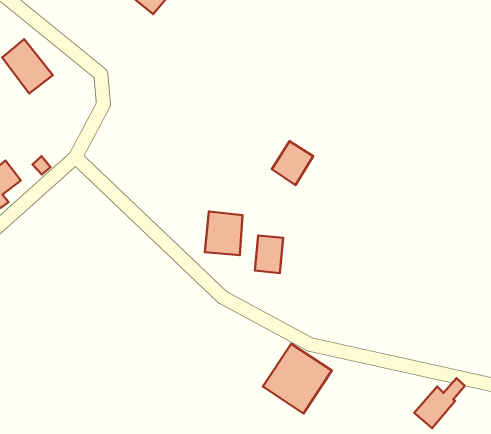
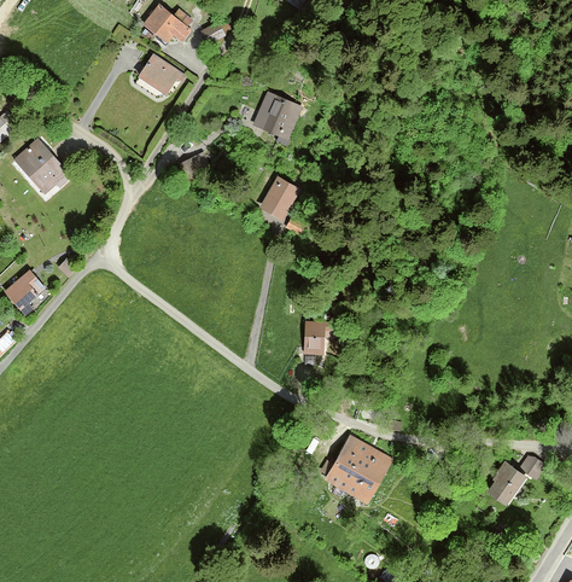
building: none -> [250,92,300,141]
building: [272,141,313,185] -> [259,175,302,221]
building: [205,211,243,255] -> none

